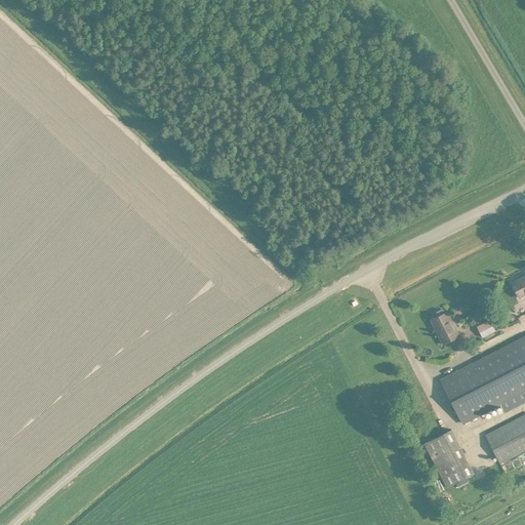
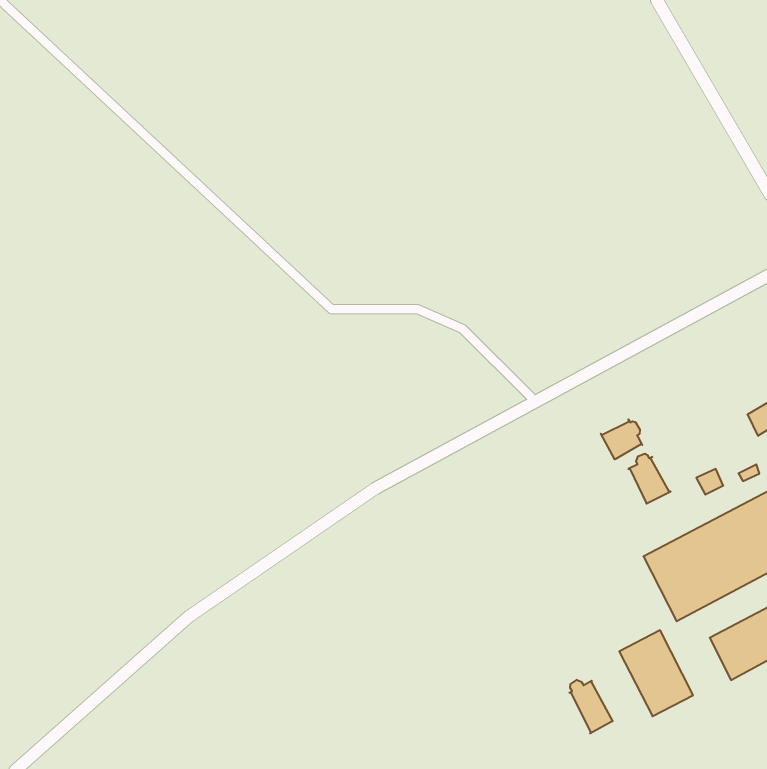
building: none -> [601,419,642,459]
building: none -> [569,680,613,733]

